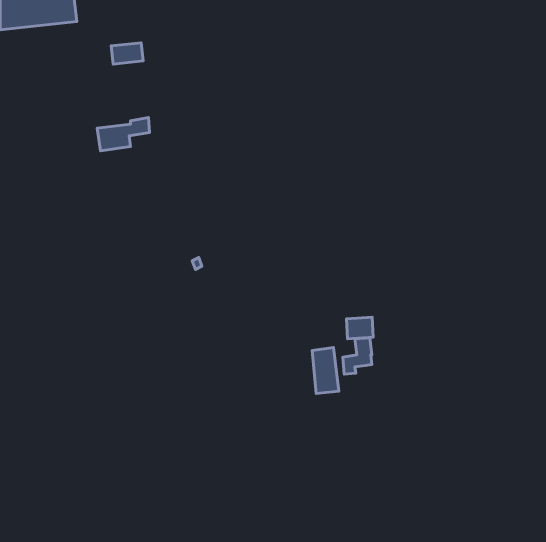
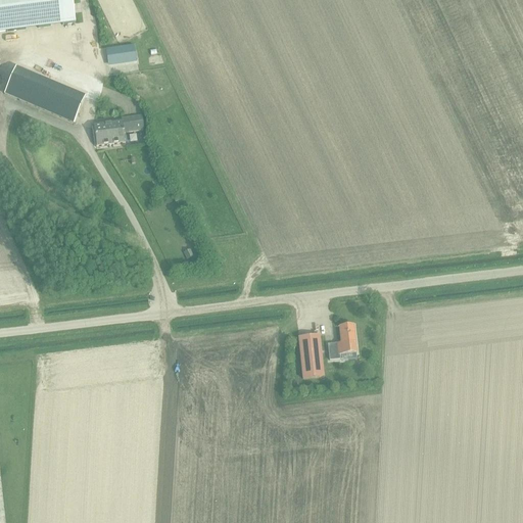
building: none -> [4,64,85,121]
building: [346,317,373,339] -> none

